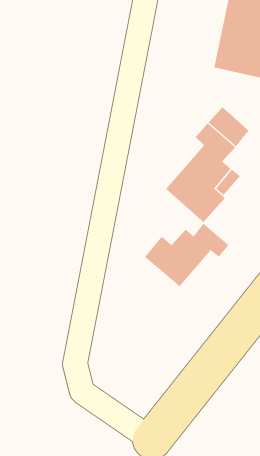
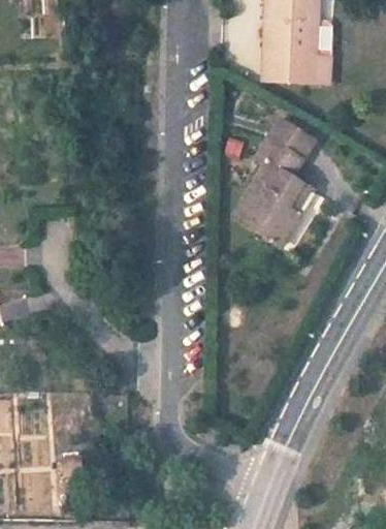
building: [144,223,229,287] -> none

